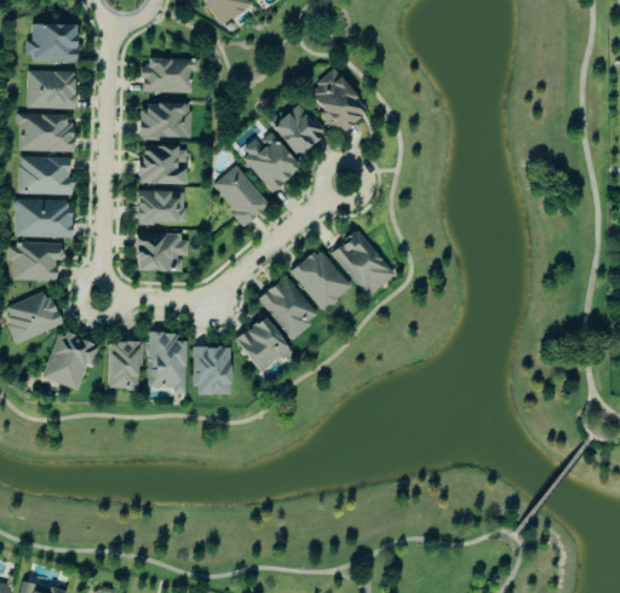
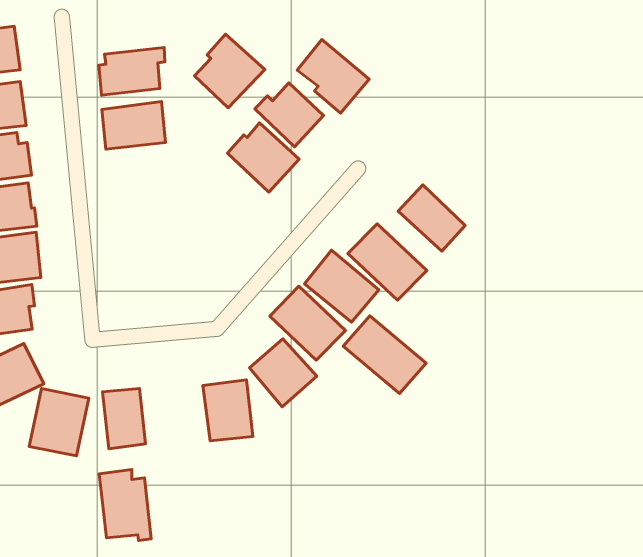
building: none -> [194,34,265,108]
building: [139,145,186,185] -> none
building: [212,167,269,225] -> none
building: [137,191,185,224] -> none
building: none -> [398,185,465,251]
building: [136,234,185,272] -> none
building: none -> [343,316,426,393]
building: [148,333,186,393] -> [99,469,151,541]

